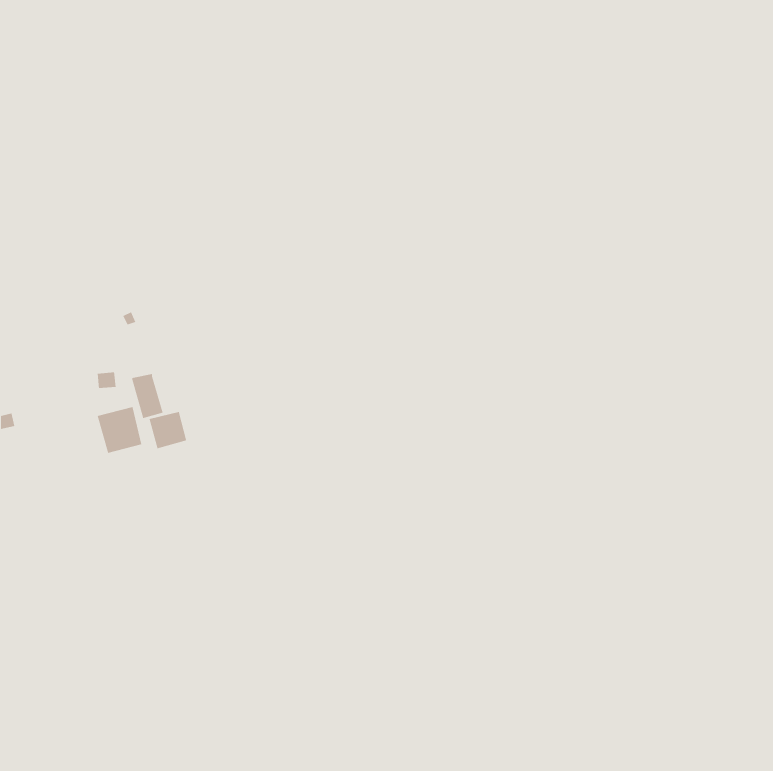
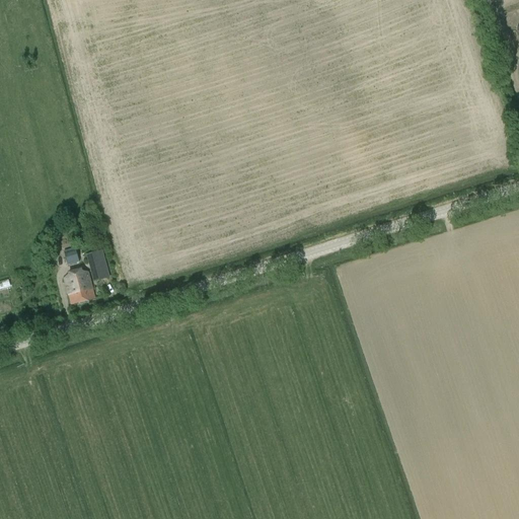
building: [149,411,187,449] -> none

